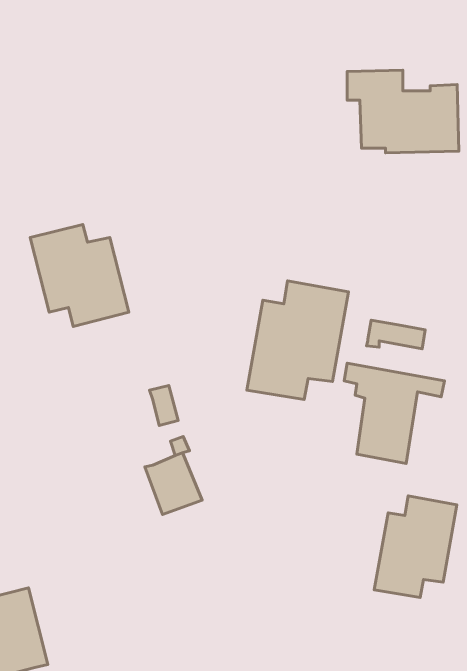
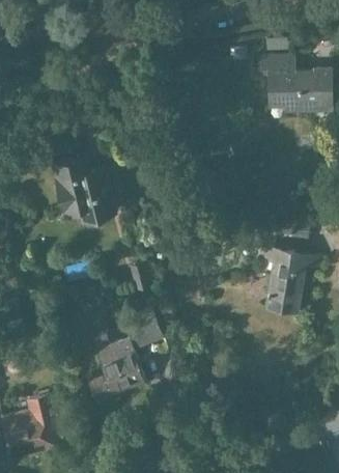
building: [247,281,348,399] -> none
building: none -> [87,333,144,404]
building: [374,496,457,598] -> none

